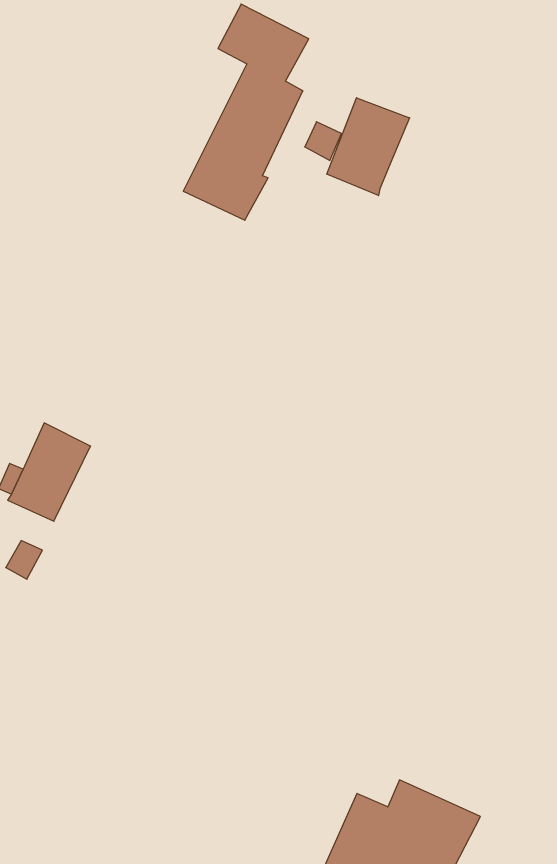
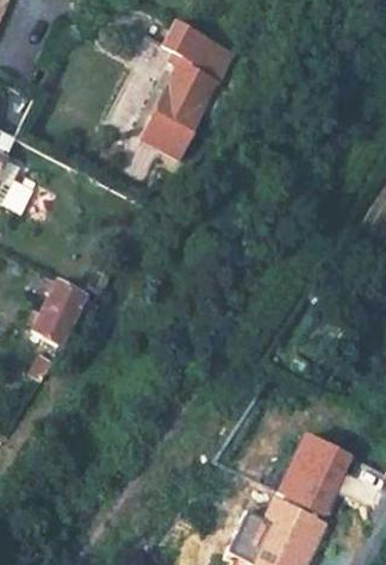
building: [327,98,410,196] -> none
building: none -> [274,436,349,515]

